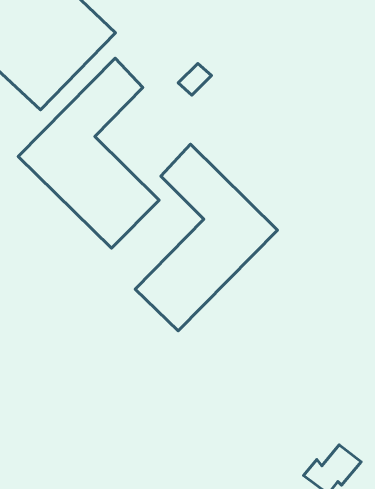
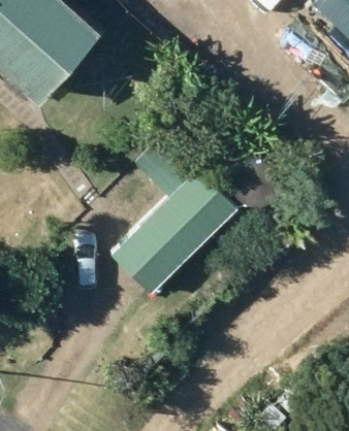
building: [18,58,159,248] -> none

